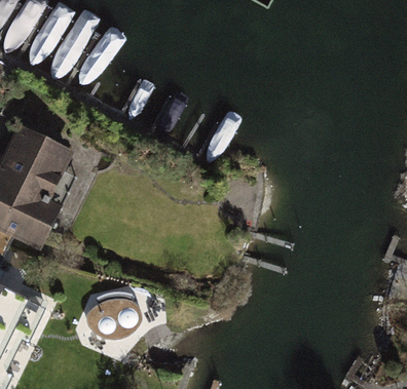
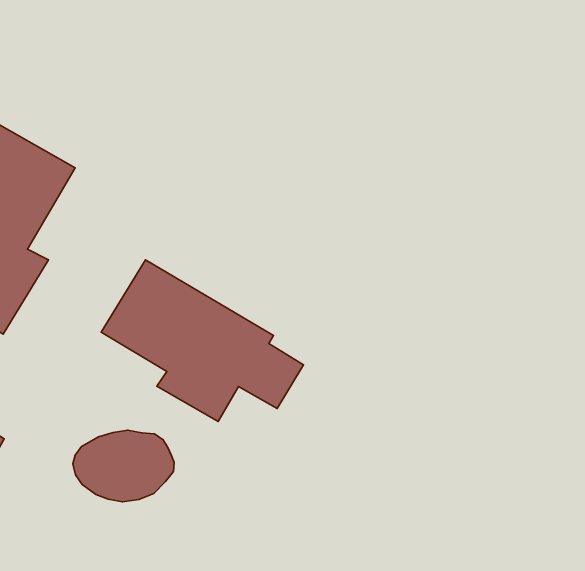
building: none -> [101,260,304,422]

